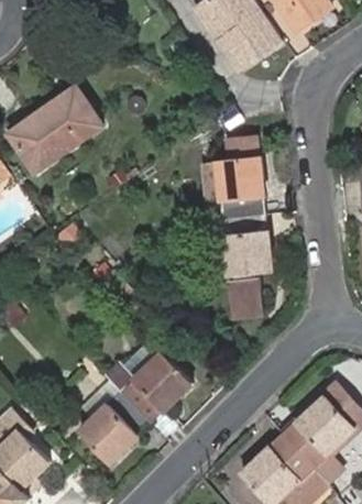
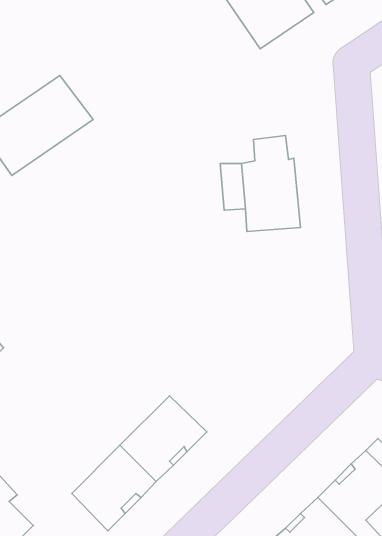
building: [224,213,273,316] -> none

